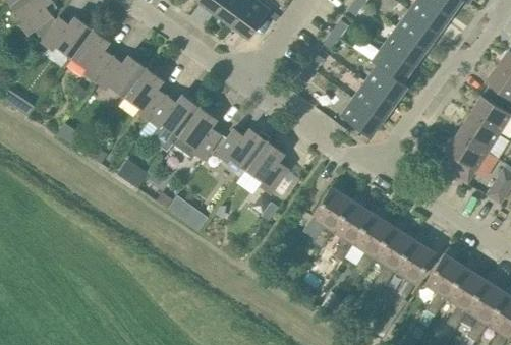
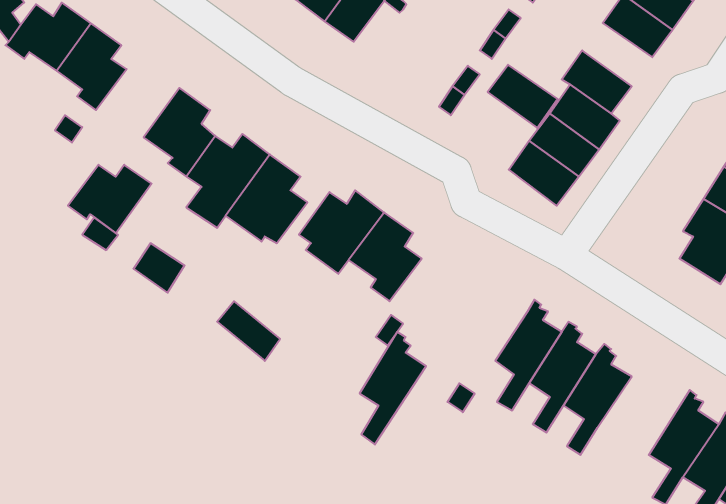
building: [385,28,427,66] -> [488,65,558,128]
building: [95,56,145,97] -> [68,165,152,233]
building: [313,180,352,247] -> [360,332,426,445]
building: [394,233,435,300] -> none

